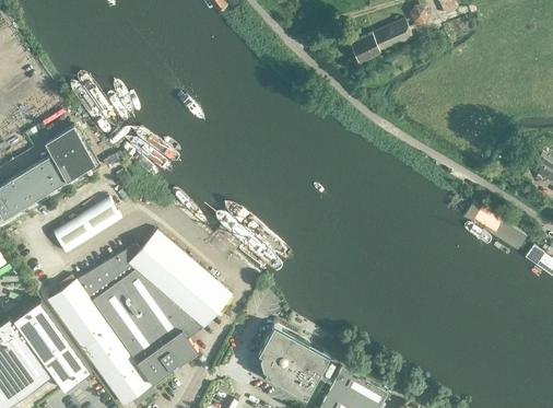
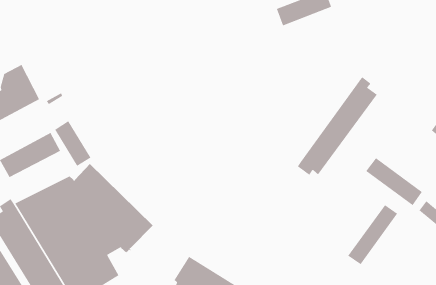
building: none -> [297,76,378,176]
building: none -> [54,120,91,167]
building: none -> [347,204,398,265]

